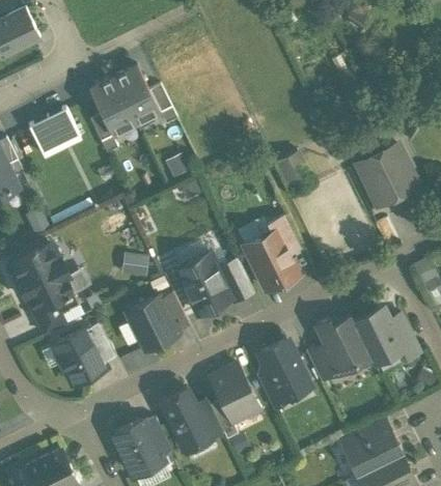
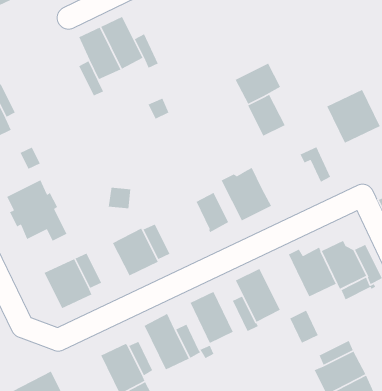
building: [31,112,80,156] -> none
building: none -> [235,63,281,105]
building: [266,213,300,253] -> [299,146,331,183]
building: [175,252,230,312] -> none
building: [30,297,66,334] -> none
building: [306,342,338,379] -> [289,309,319,344]

